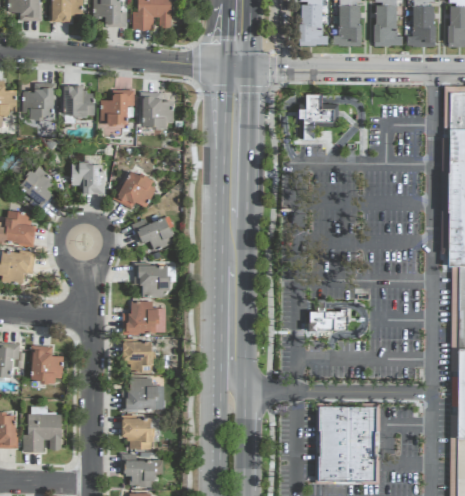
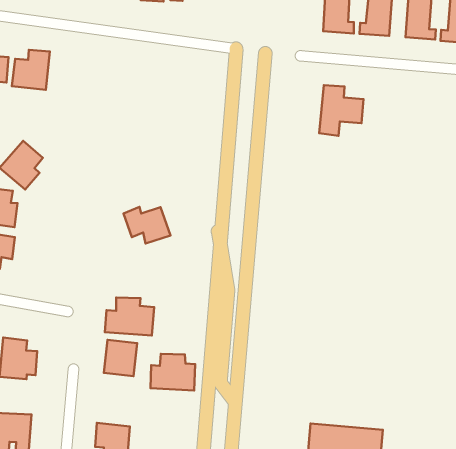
building: [64,85,95,114] -> none
building: [100,91,133,123] -> none
building: [142,91,174,127] -> none
building: [72,162,103,193] -> none
building: [116,170,158,208] -> none
building: [135,263,171,296] -> none
building: [310,311,348,331] -> none
building: [122,377,163,410] -> [150,354,195,390]

